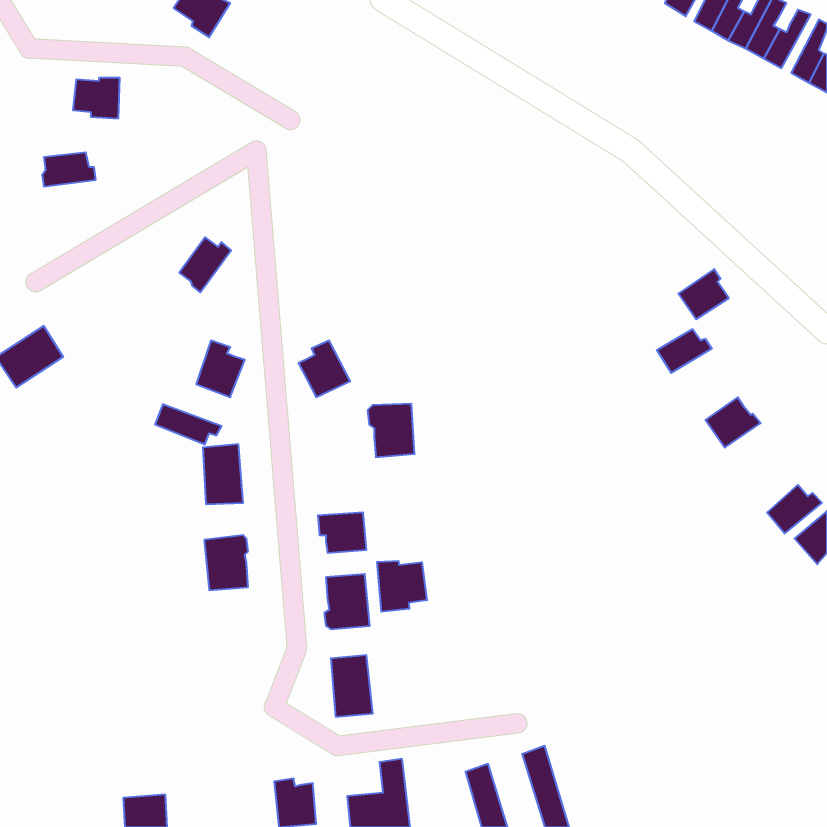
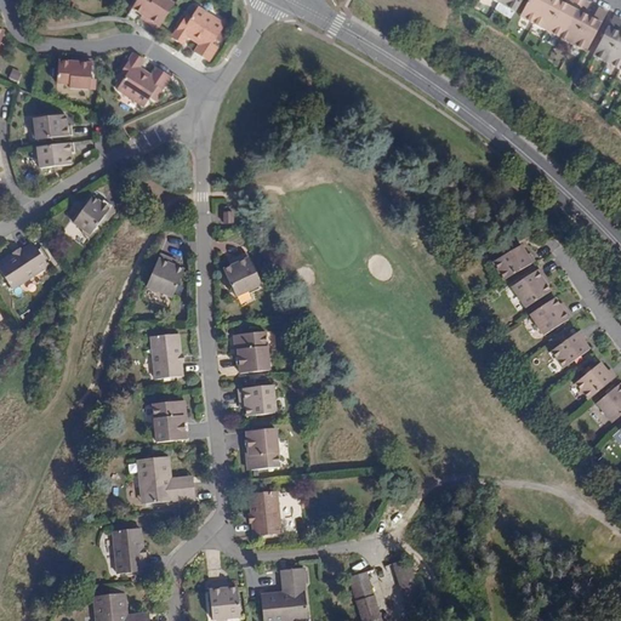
building: none -> [170,6,223,59]
building: none -> [115,51,169,106]
building: none -> [36,142,76,167]
building: [179,237,231,292] -> [74,199,113,240]
building: [678,269,729,319] -> [509,268,547,306]
building: [368,404,415,457] -> [233,334,268,374]
building: [155,404,221,445] -> none
building: none -> [549,330,587,368]
building: [377,561,427,612] -> none
building: none -> [139,455,198,503]
building: none -> [110,529,142,574]

